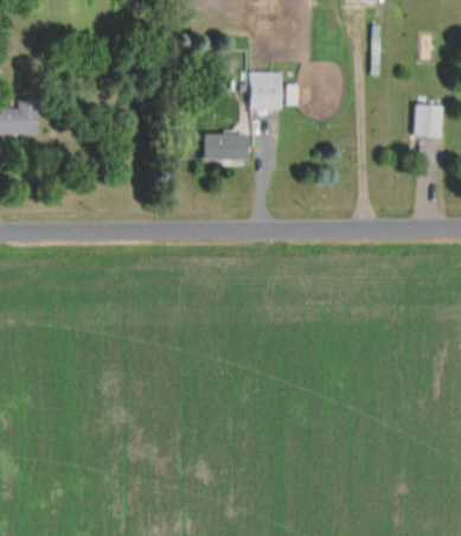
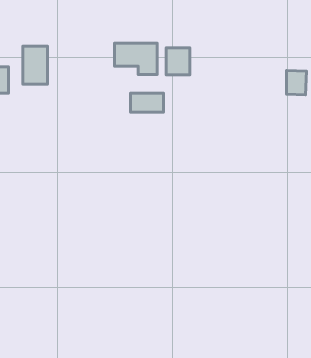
building: none -> [115,43,157,75]
building: none -> [23,46,48,84]

